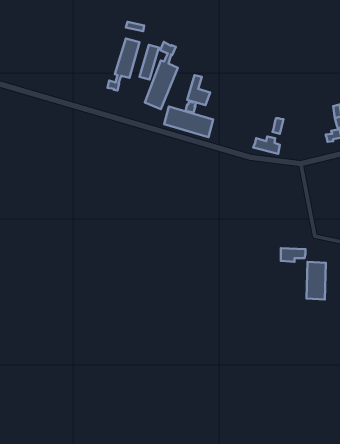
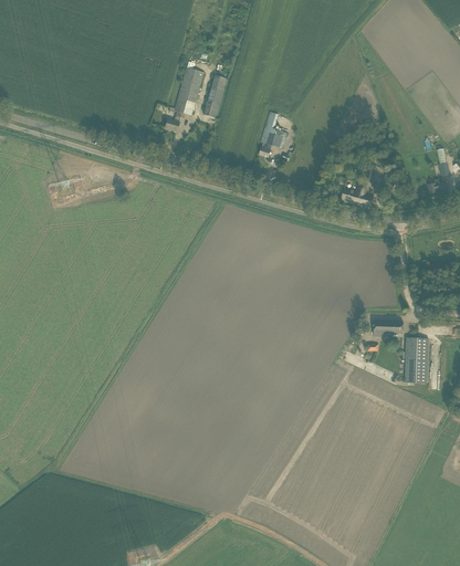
building: [145,42,178,109] -> none
building: [164,107,213,137] -> none

